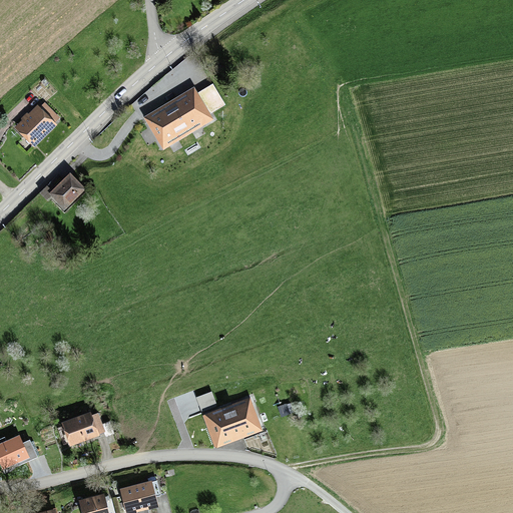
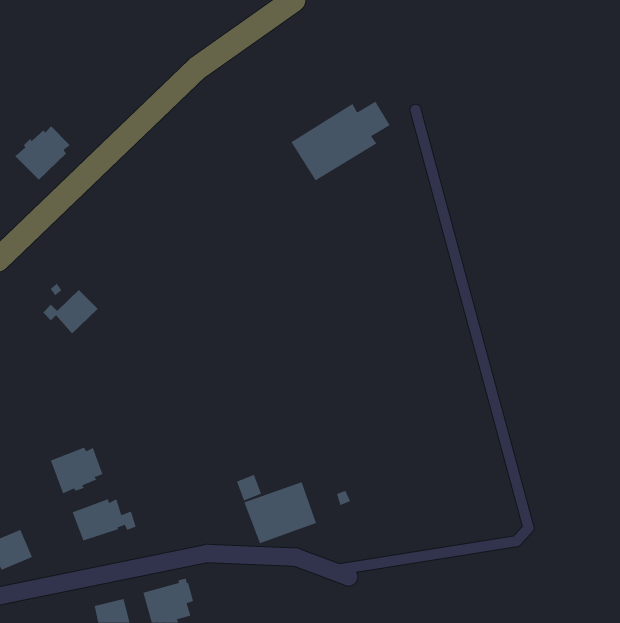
building: [141,85,223,151] -> [291,101,391,181]
building: [38,174,84,211] -> [42,289,98,334]
building: none -> [50,447,103,494]

